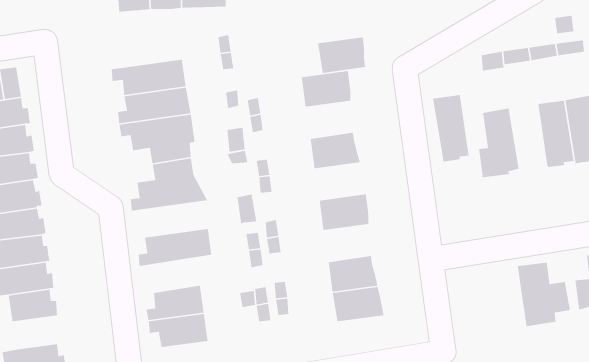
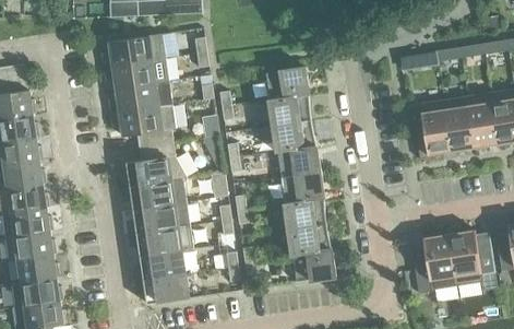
building: none -> [103,33,165,66]
building: [317,37,366,74] -> [268,93,310,125]
building: [432,94,469,162] -> [442,95,474,153]
building: none -> [276,145,321,177]
building: none -> [121,178,187,209]
building: none -> [284,198,325,230]
building: none -> [128,224,193,256]
building: none -> [413,233,456,293]
building: none -> [20,275,62,304]

